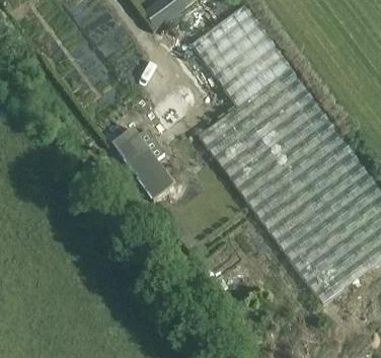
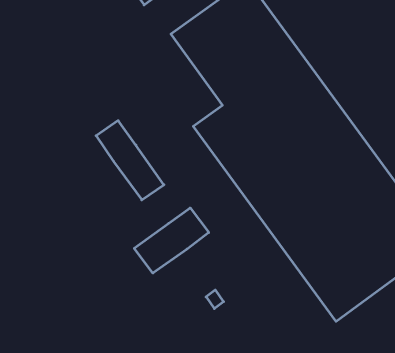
building: none -> [134,208,209,273]

